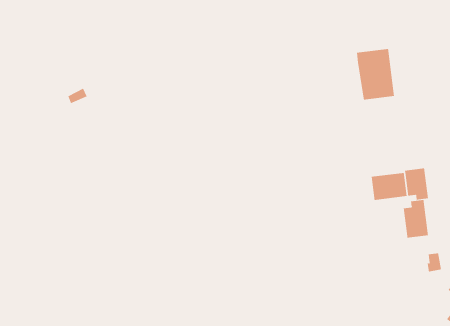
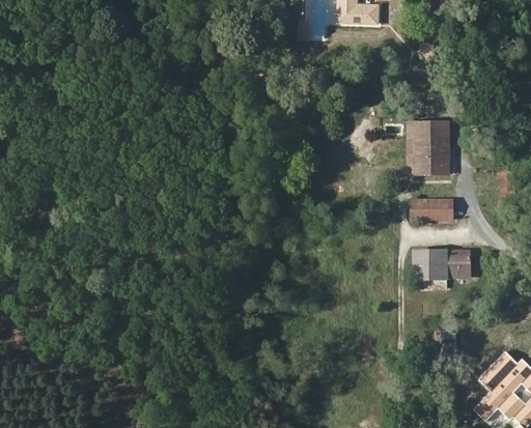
building: none -> [411,200,452,220]
building: [403,199,428,238] -> none

